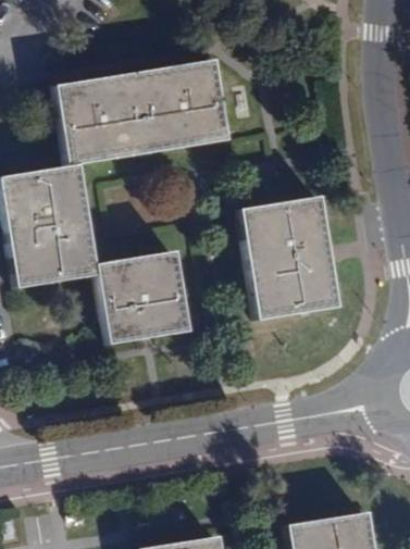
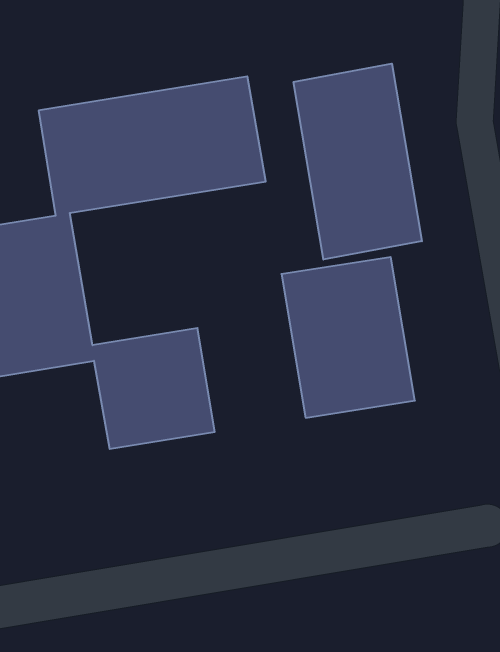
building: none -> [294,64,422,260]

